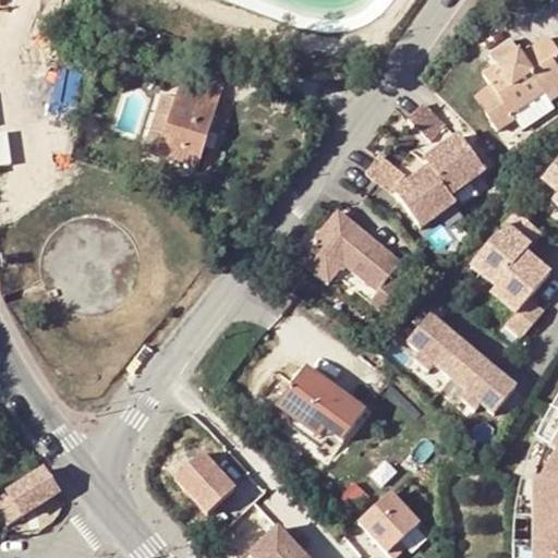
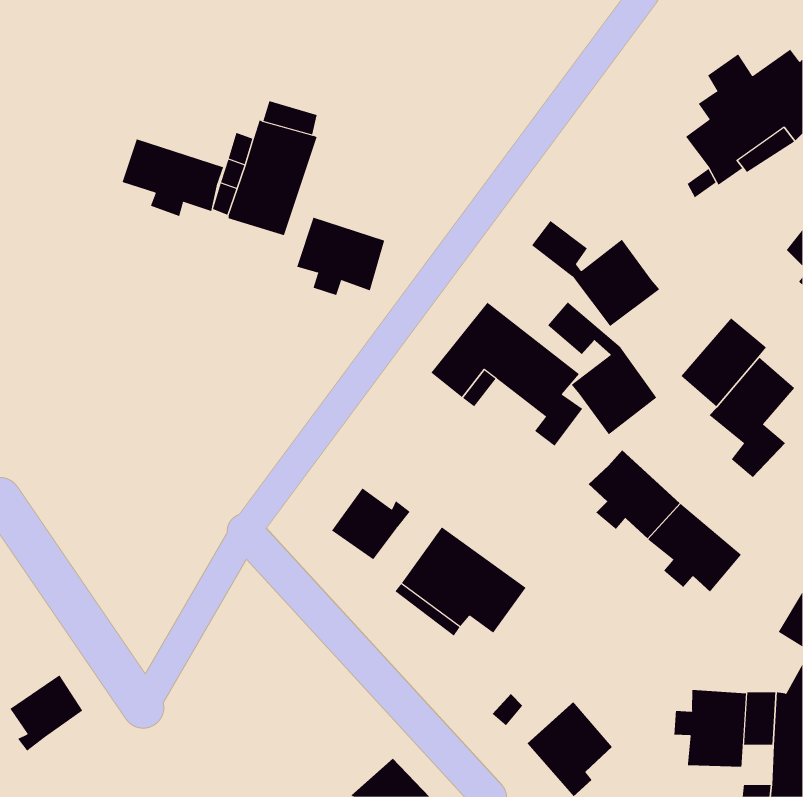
building: none -> [122,138,224,217]
building: [410,101,486,194] -> [547,302,657,435]
building: none -> [296,217,385,296]
building: none -> [331,488,410,560]
building: [175,452,235,513] -> none
building: none -> [674,689,746,767]

